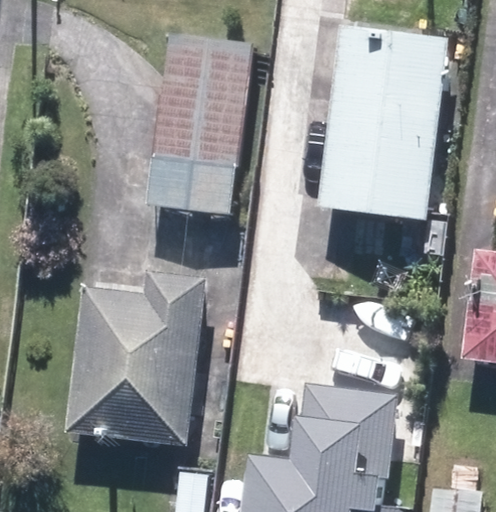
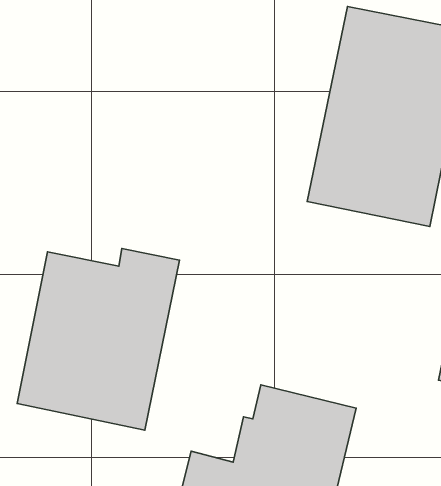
building: [151,42,246,210] -> none

